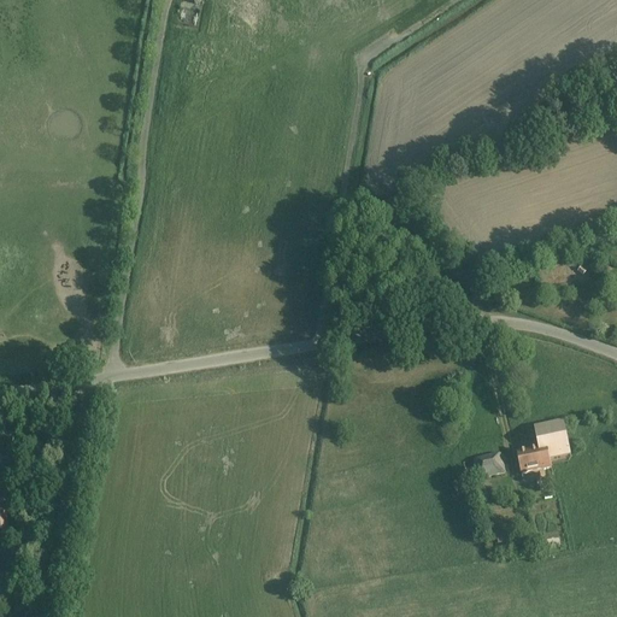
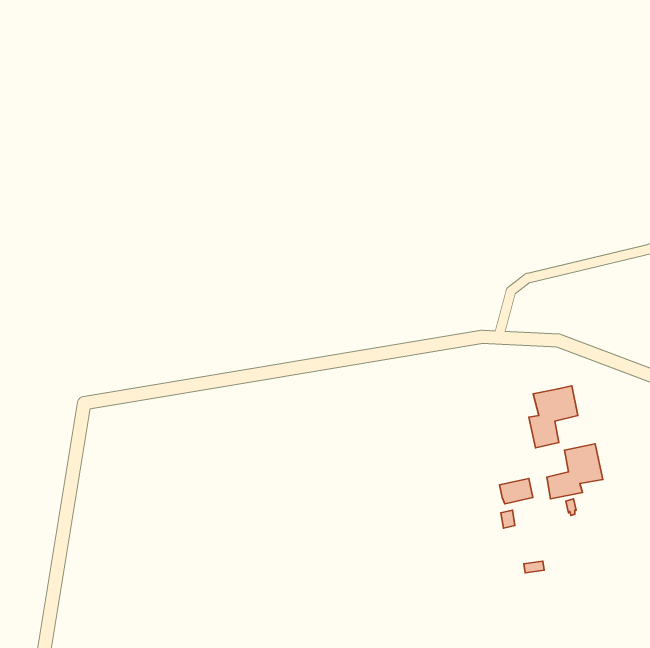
building: none -> [529,386,578,448]

